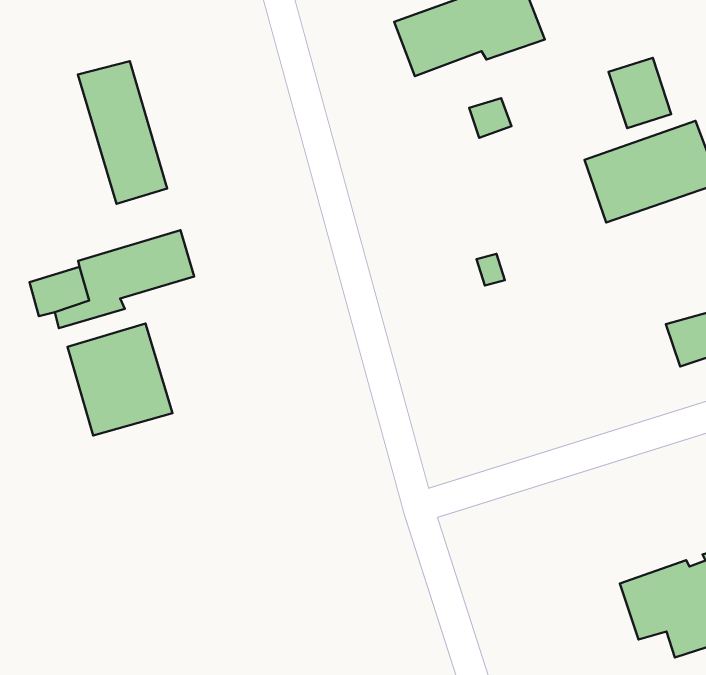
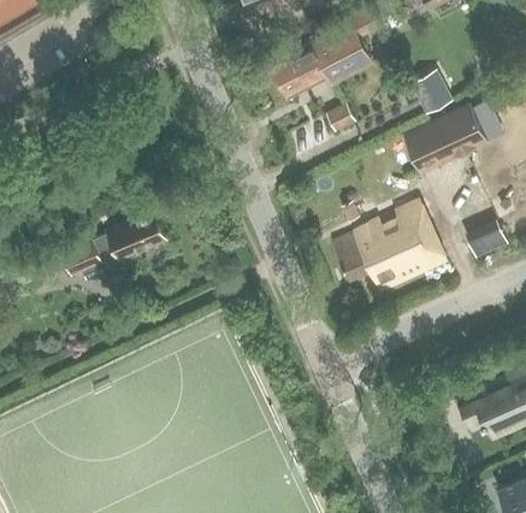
building: [78,61,167,204] -> none
building: none -> [332,202,447,289]
building: [68,324,172,435] -> none

